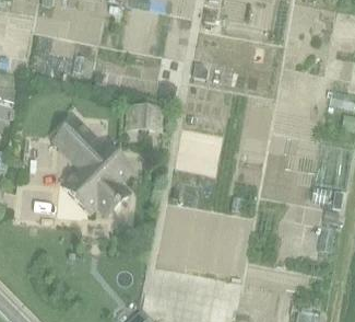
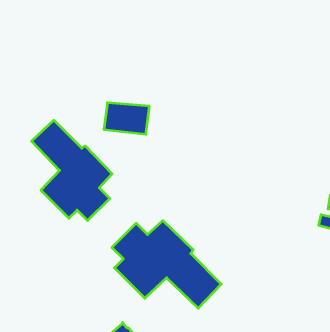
building: none -> [112,221,221,308]

